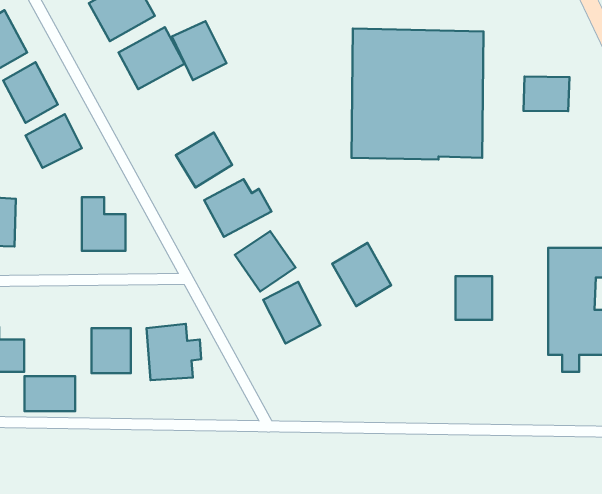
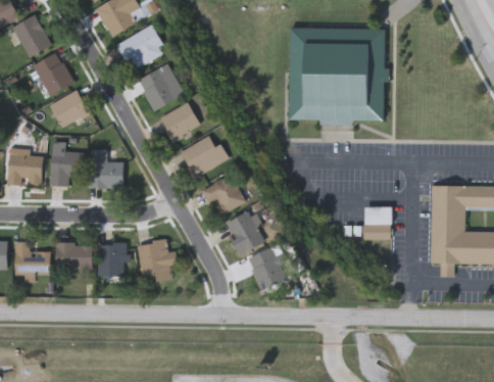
building: [172,21,227,80] -> [138,67,178,110]
building: [523,77,569,111] -> none
building: none -> [50,150,84,186]
building: [332,243,391,306] -> [246,245,289,291]
building: [25,376,75,411] -> [54,244,91,270]

